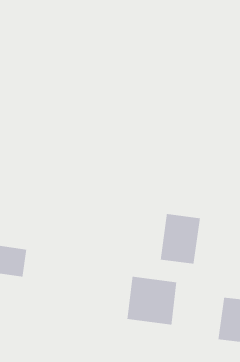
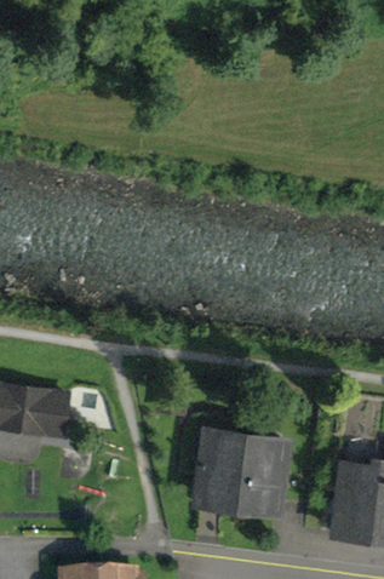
building: [160,213,201,265] -> none

